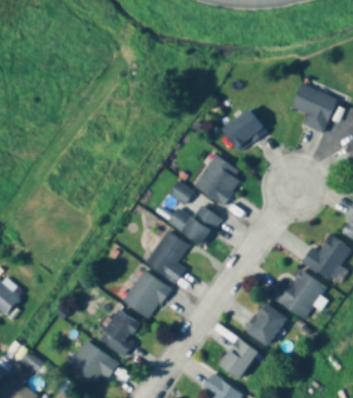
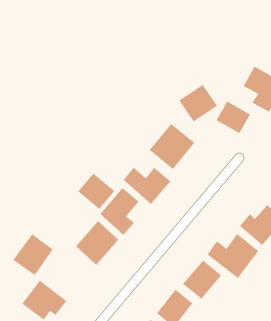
building: none -> [216,101,251,134]
building: none -> [77,173,115,210]
building: [99,308,143,354] -> [13,234,53,276]

